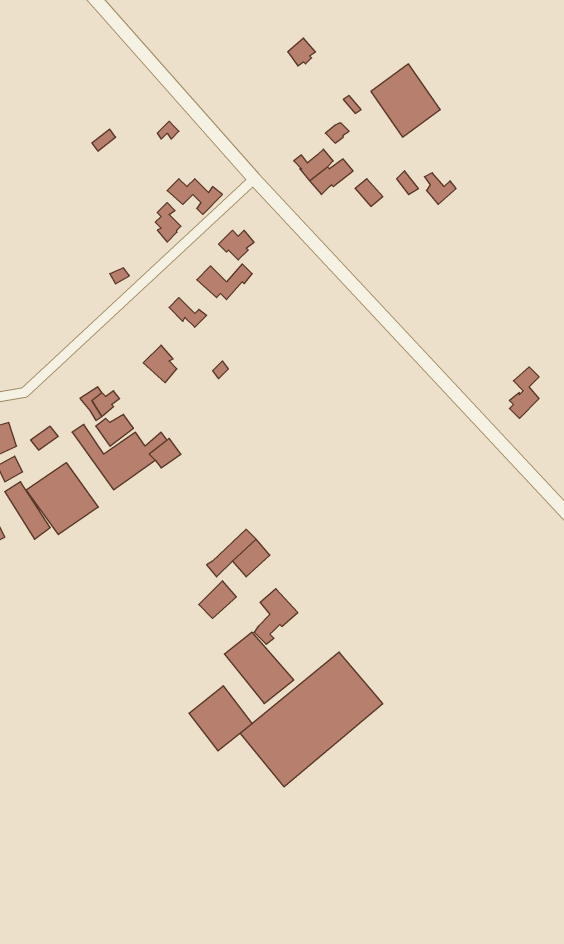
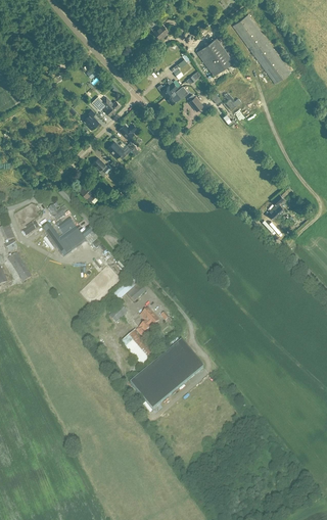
building: none -> [233,13,291,83]
building: [26,463,98,535] -> none
building: [189,686,252,751] -> none

